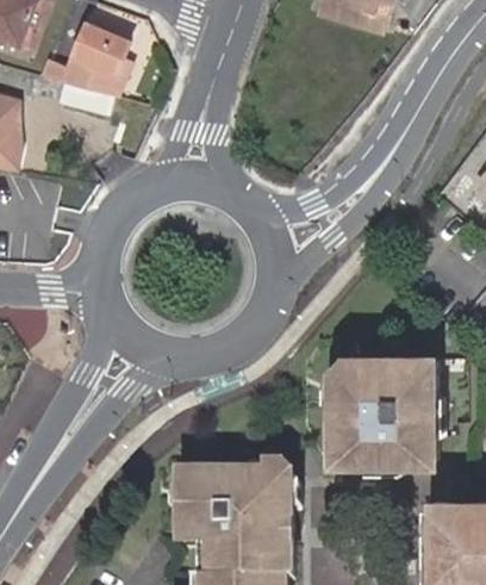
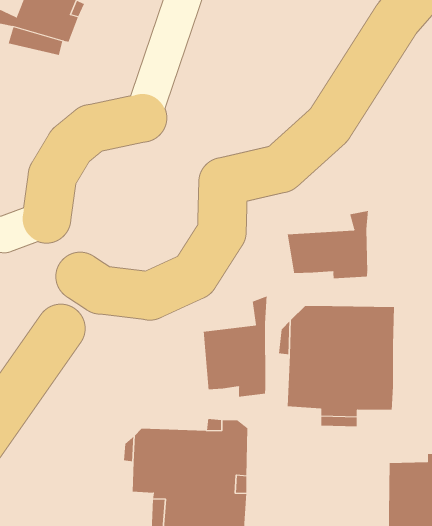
building: none -> [287,210,369,279]
building: none -> [203,295,267,397]

